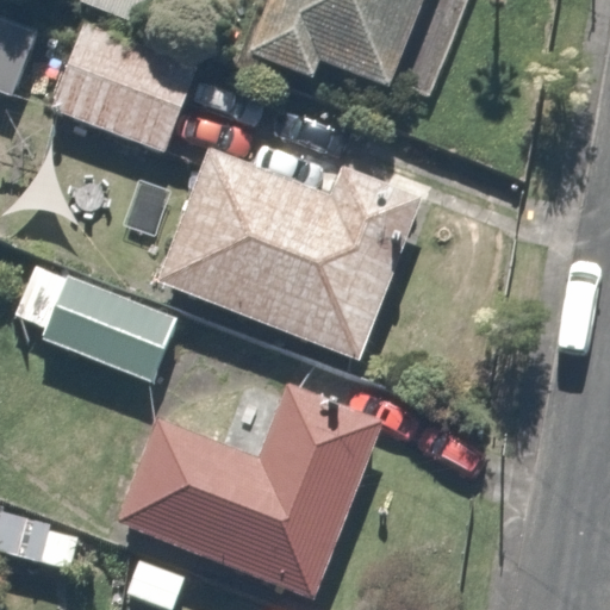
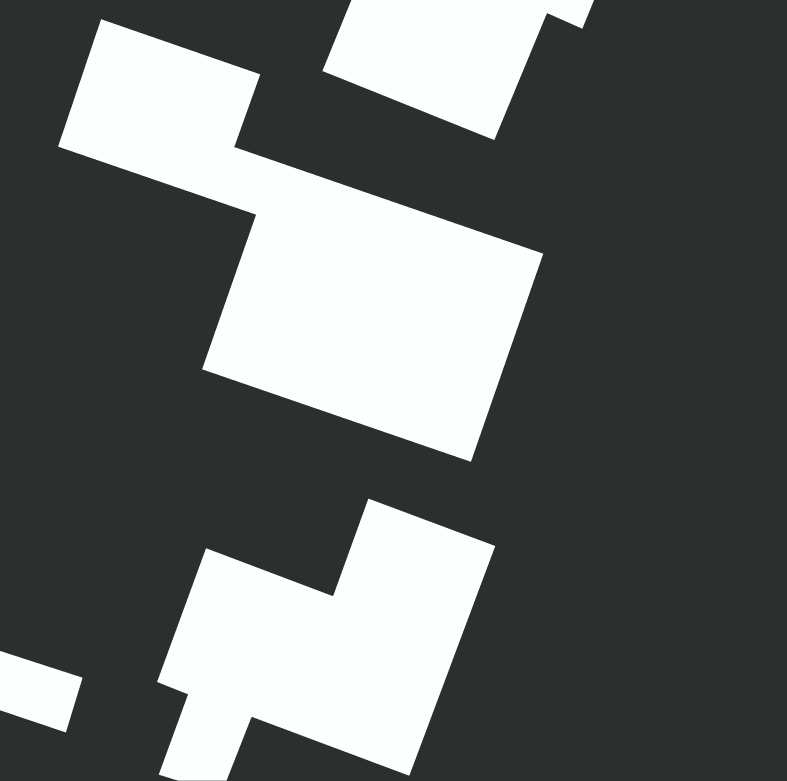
building: [13,261,172,381] -> none

